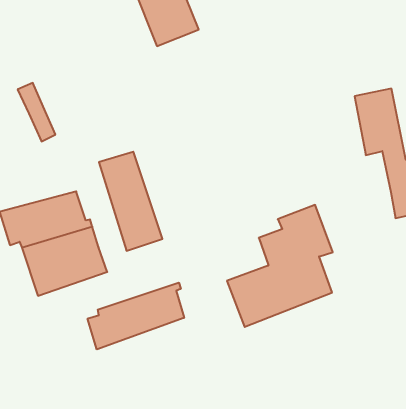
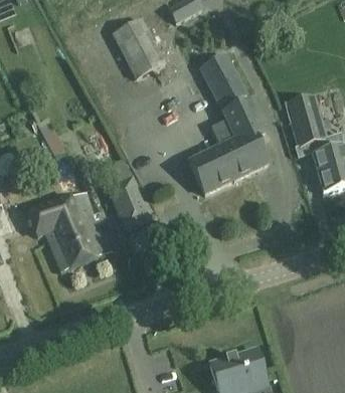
building: none -> [200,54,245,107]
building: [227,205,333,327] -> [188,97,268,193]
building: [88,283,184,349] -> none

